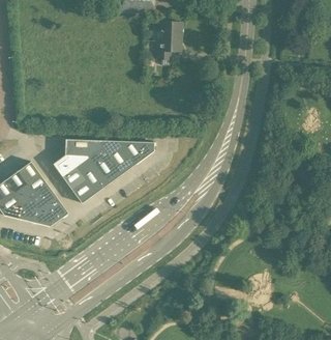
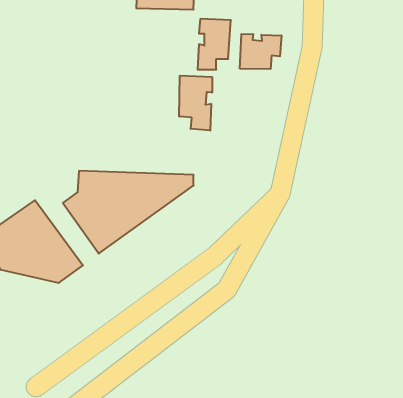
building: none -> [240,34,281,69]
building: none -> [179,76,212,131]

